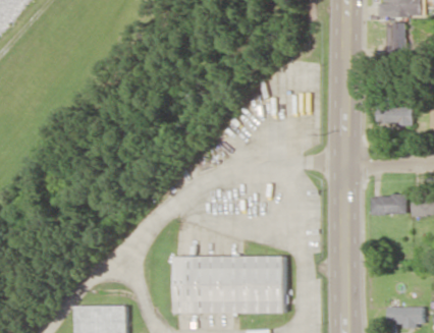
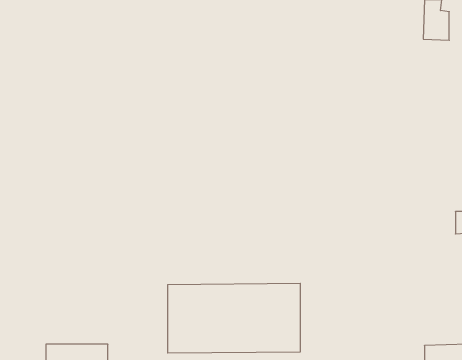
building: [387,108,413,126] -> none
building: [371,196,406,215] -> none

